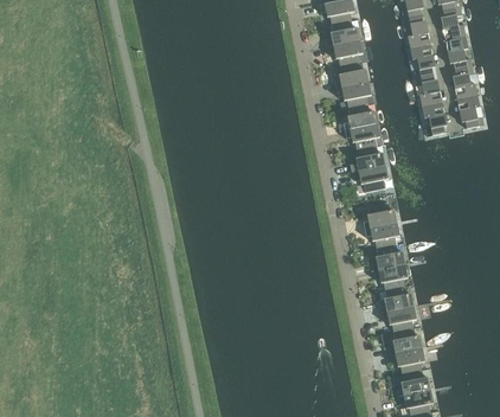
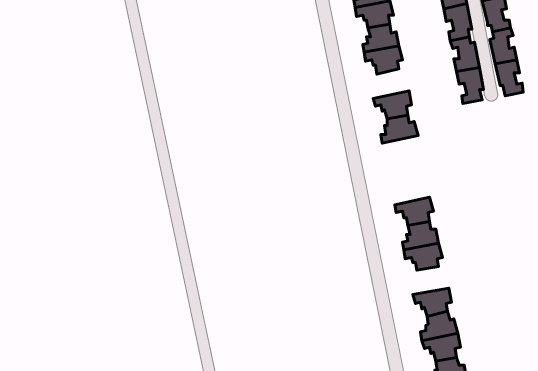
building: [344,103,378,130] -> none
building: [353,165,389,192] -> none
building: [364,201,397,229] -> none
building: [380,286,415,312] -> none

